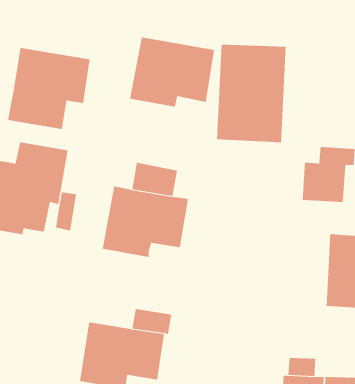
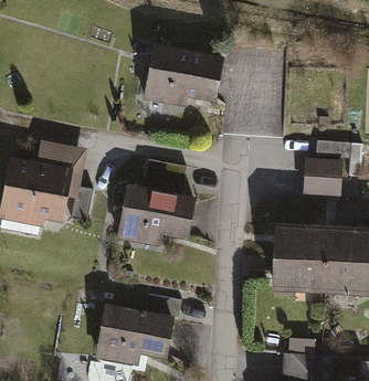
building: [8,47,90,130] -> none
building: none -> [271,222,328,292]

